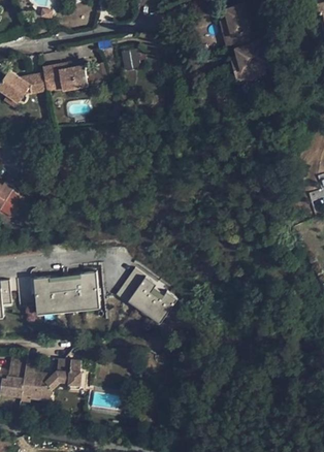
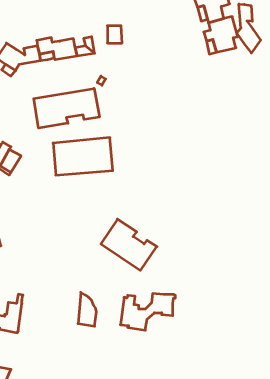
building: none -> [237,4,261,53]
building: none -> [34,88,99,128]
building: [32,273,99,316] -> [53,138,113,175]
building: [22,359,84,400] -> [120,294,175,330]

